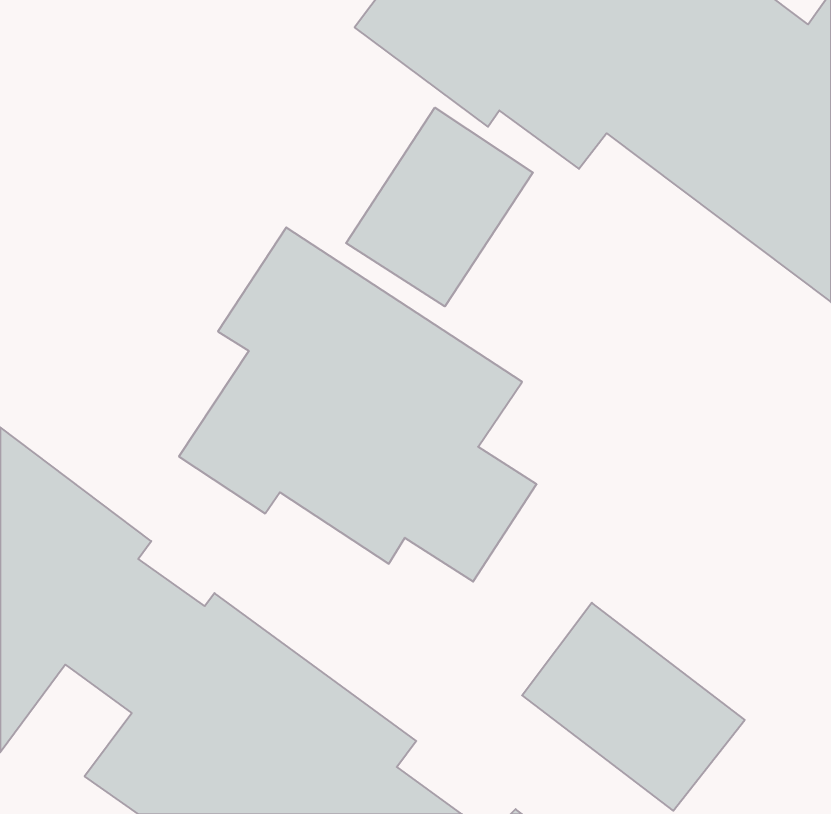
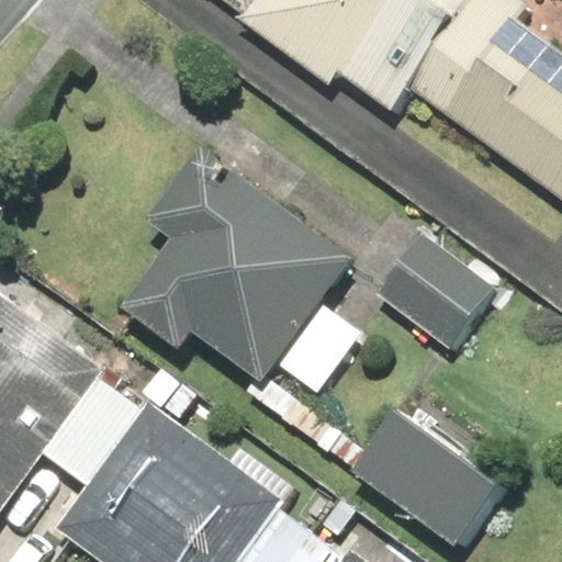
building: [346,108,533,306] -> none
building: none -> [375,228,497,346]

